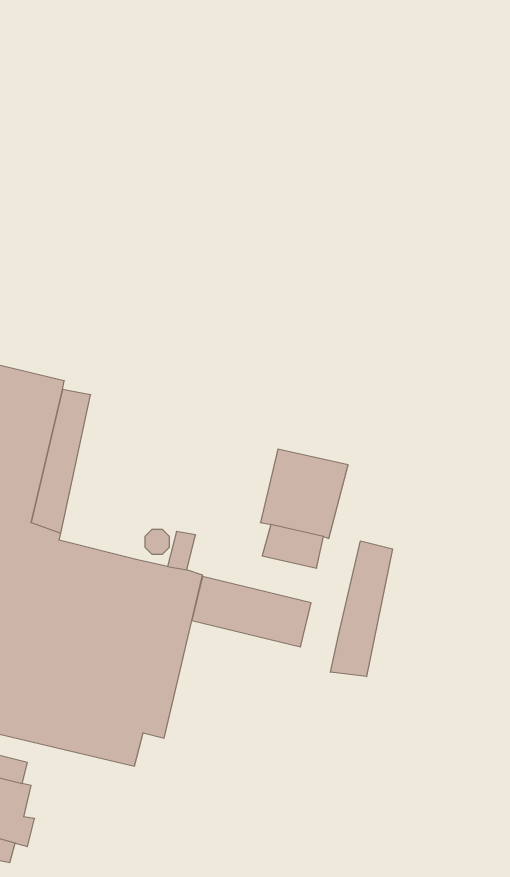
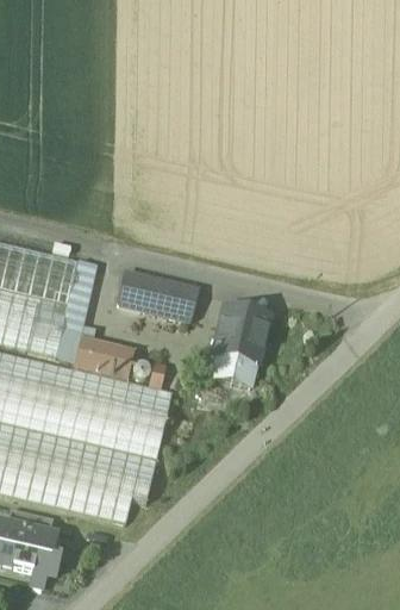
building: none -> [73,336,132,381]
building: [330,541,392,677] -> none
building: [192,577,311,647] -> [115,273,196,320]

